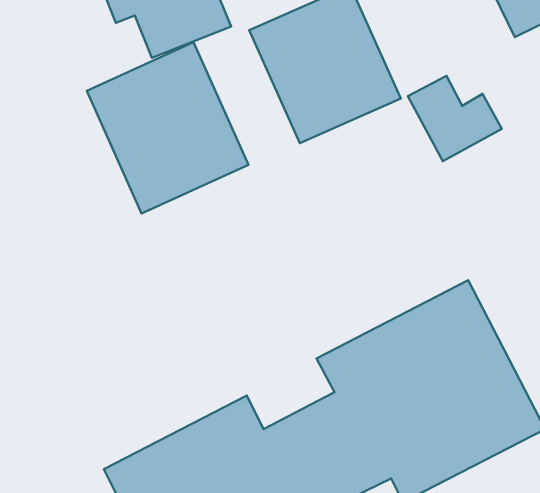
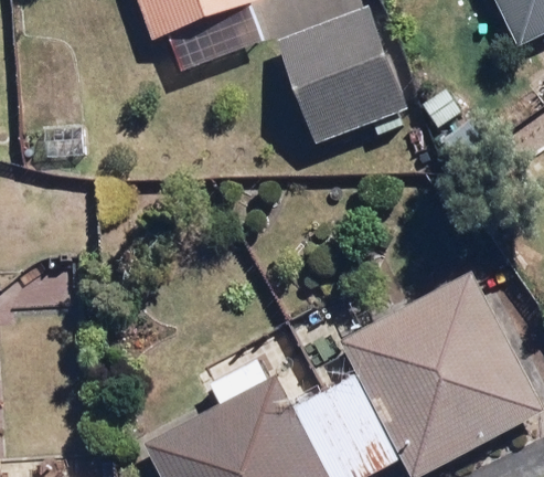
building: [87,42,248,213] -> none

